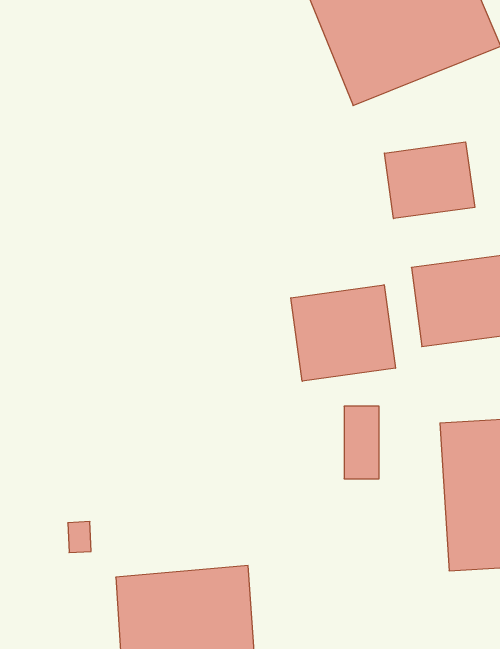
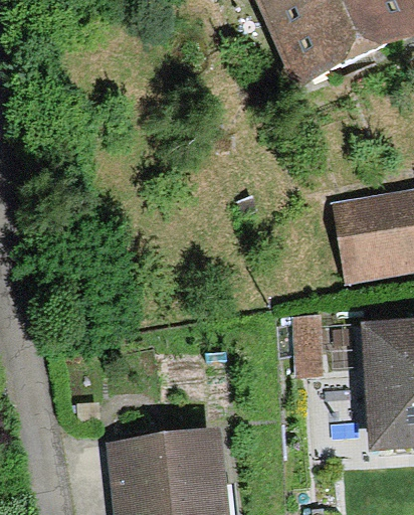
building: [384,142,475,219] -> none
building: [291,285,395,381] -> none

